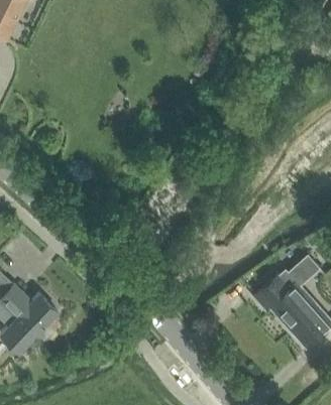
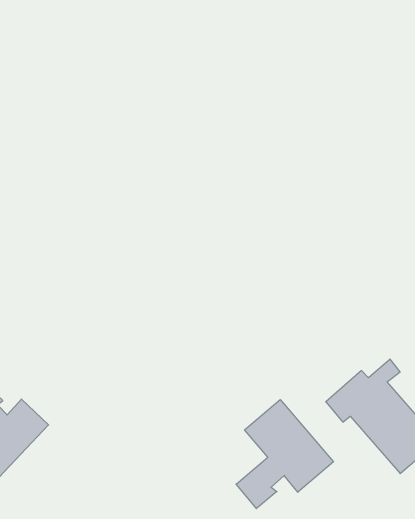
building: none -> [236,400,333,509]

